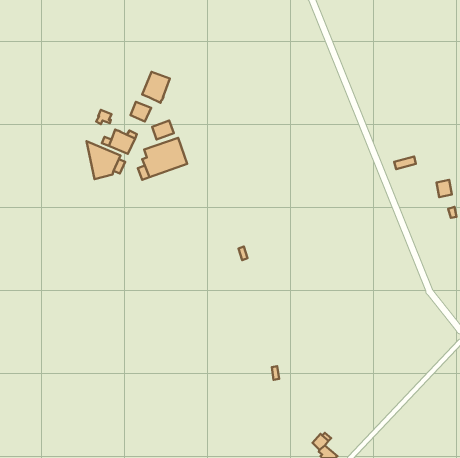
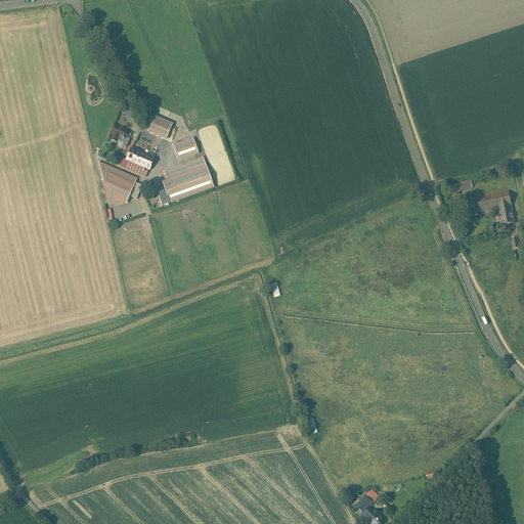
building: [142,72,170,103] -> none
building: none -> [471,190,511,212]

